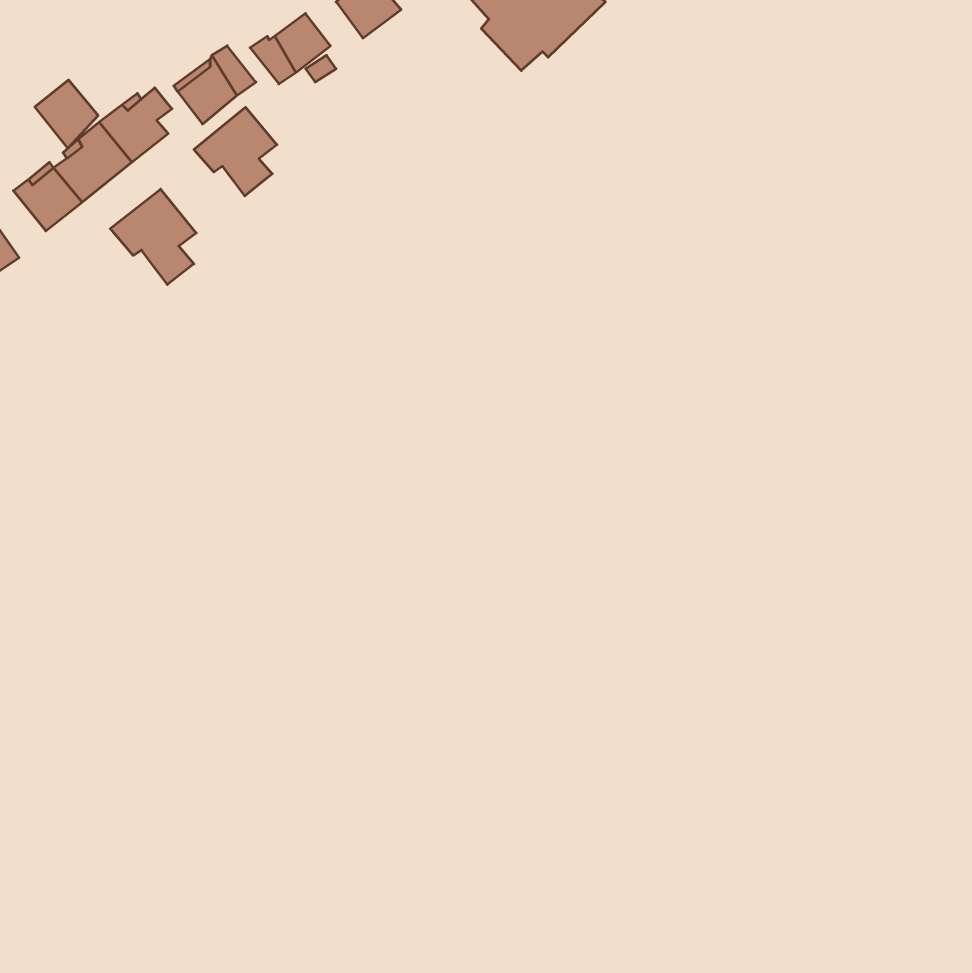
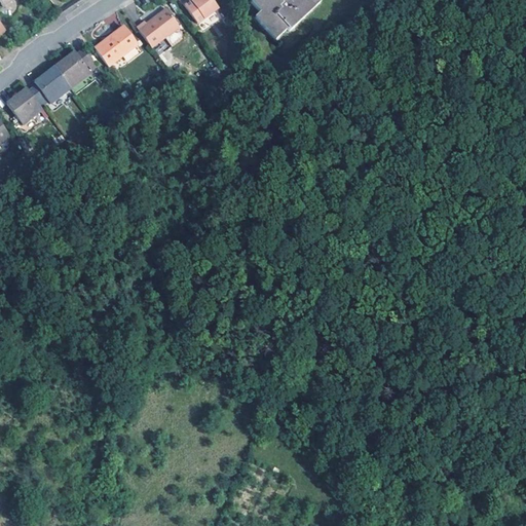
building: [35,80,98,148] -> none
building: [194,107,277,196] -> none
building: [110,189,196,285] -> none

